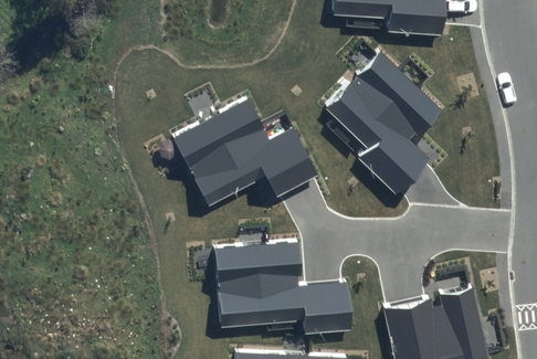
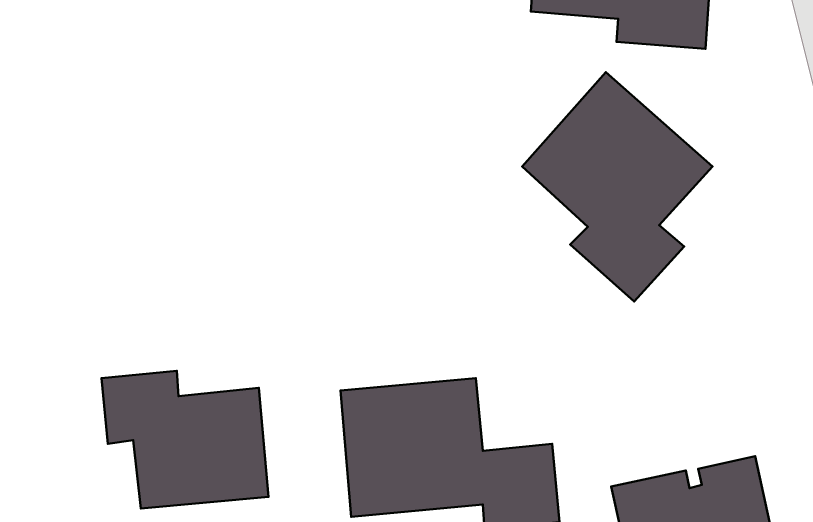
building: [172,99,318,205] -> none
building: none -> [102,371,269,508]

